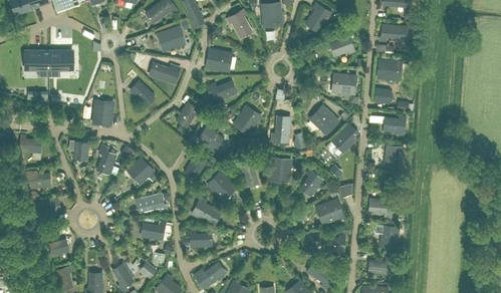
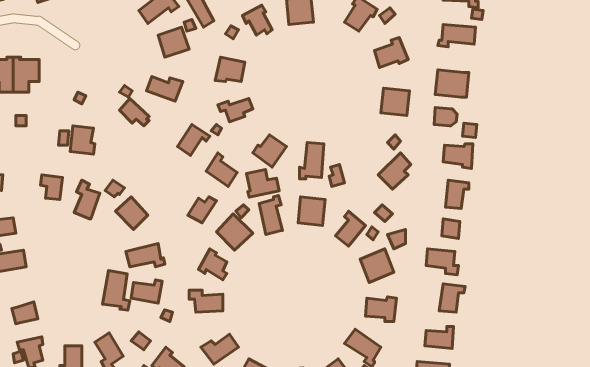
building: [312,106,339,134] -> none
building: none -> [246,169,279,197]
building: none -> [103,270,130,310]

